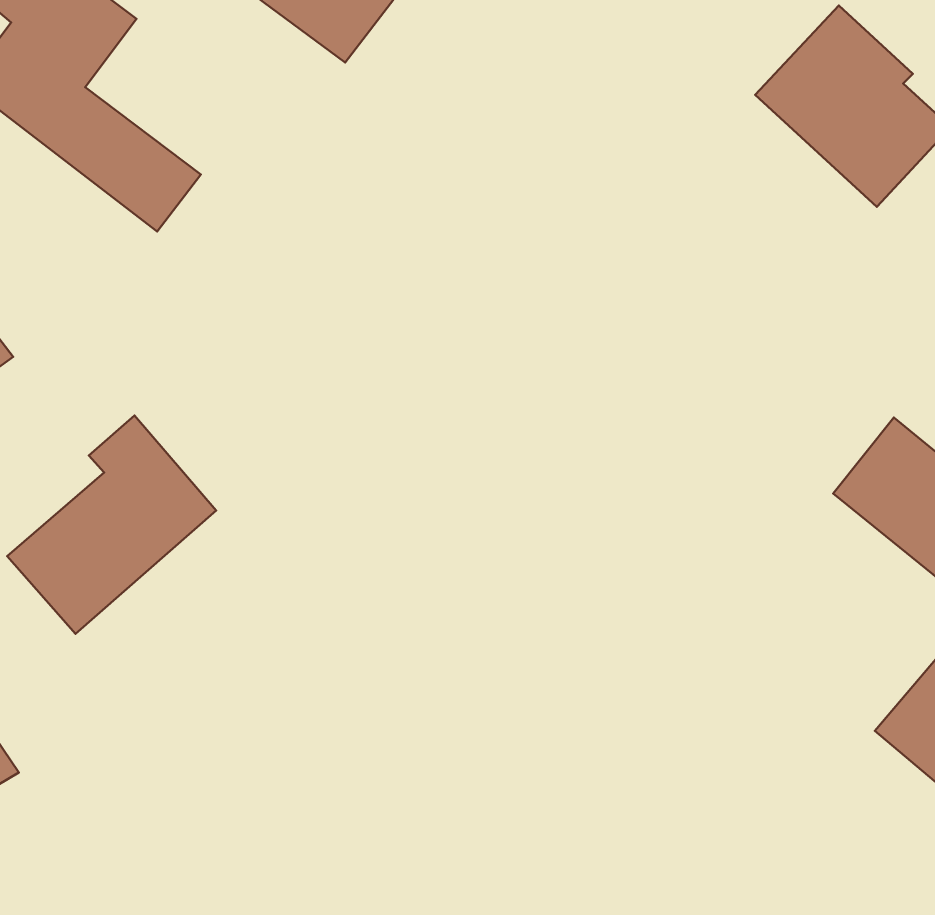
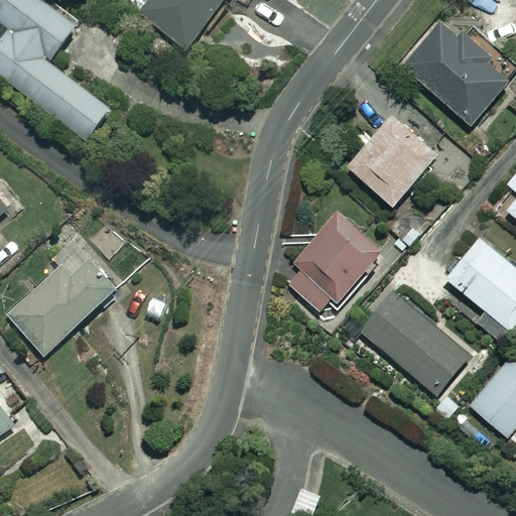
building: none -> [348,115,438,207]
building: none -> [282,214,381,316]
building: none -> [360,291,468,394]

